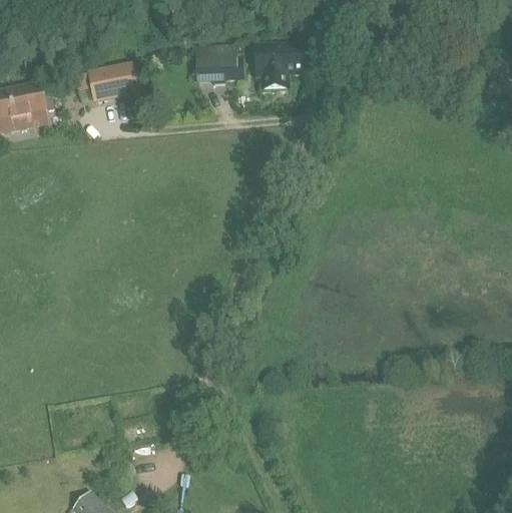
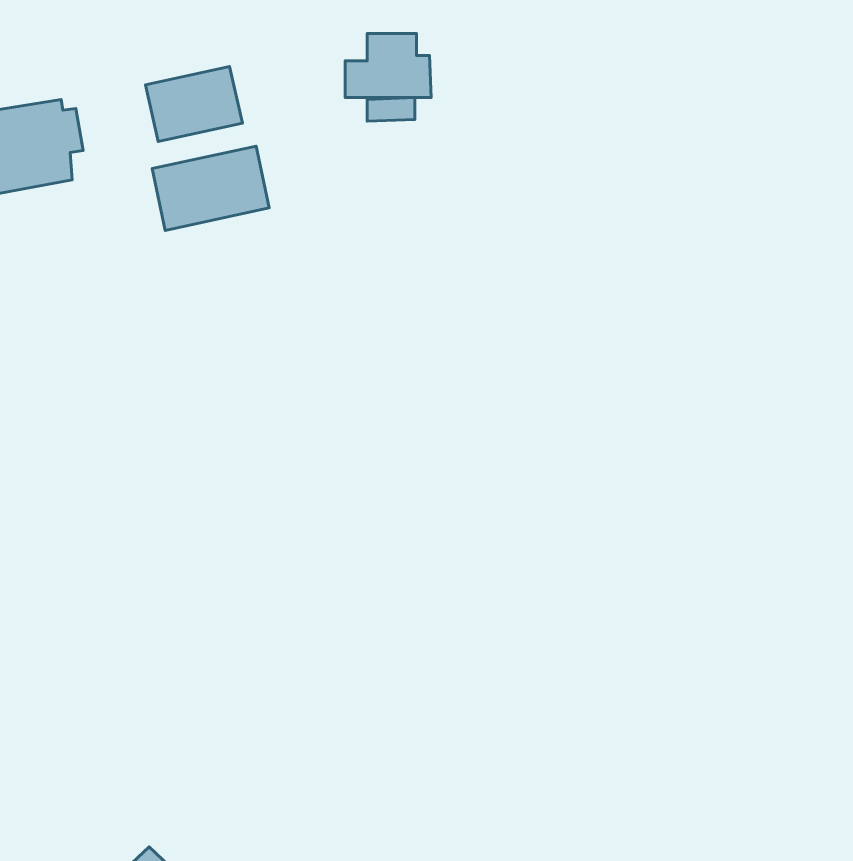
building: [253,45,303,89] -> none
building: none -> [152,146,269,231]

